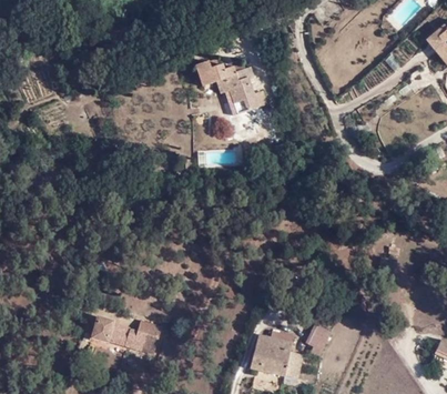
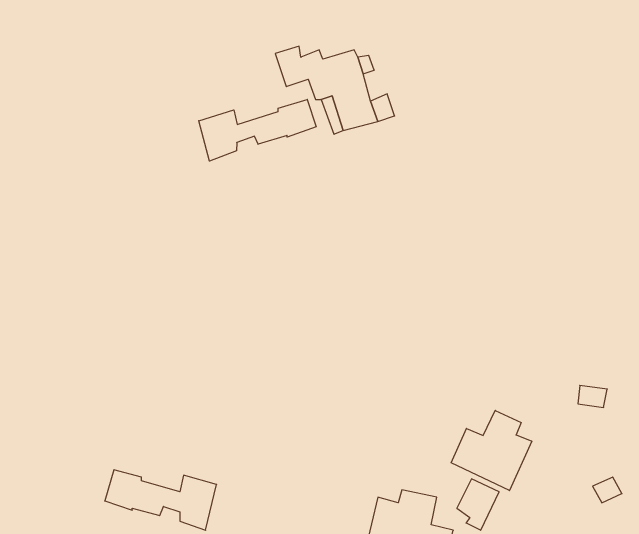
building: none -> [199,99,316,161]
building: none -> [451,410,532,491]

